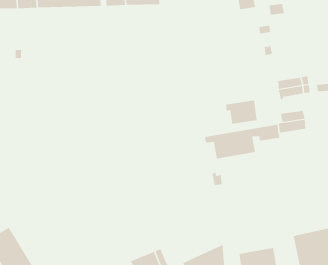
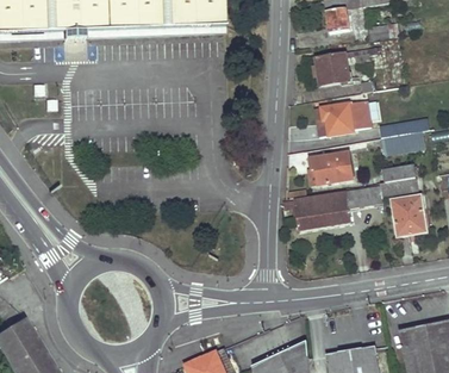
building: none -> [312,50,349,83]
building: none -> [314,100,369,136]
building: none -> [391,194,425,236]

